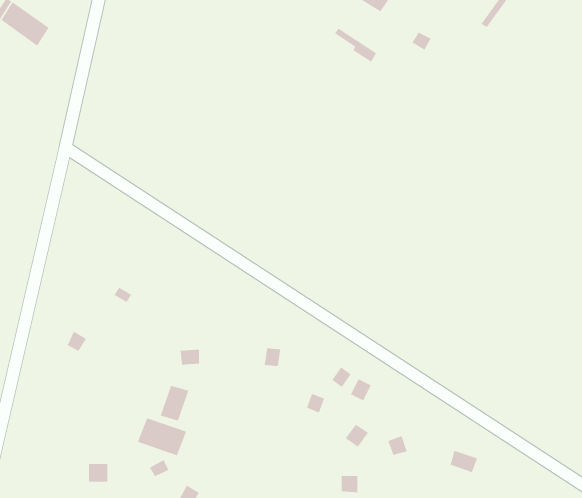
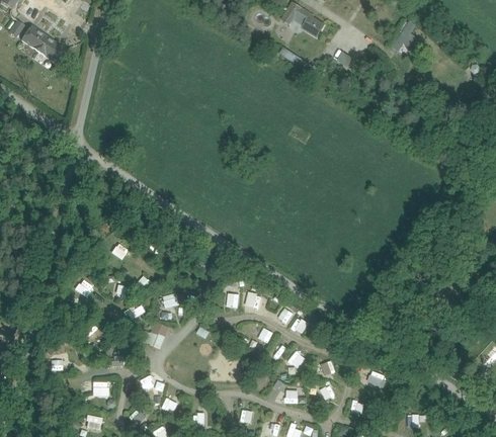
building: [137,417,187,456] -> none

